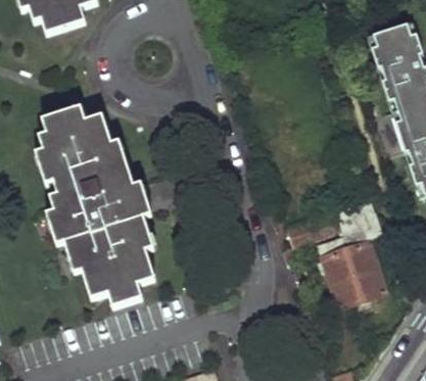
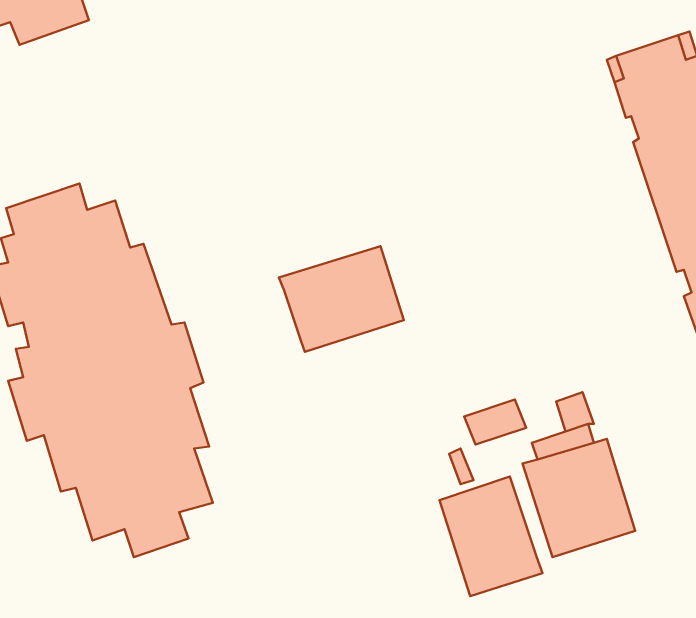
building: none -> [279,246,404,352]
building: none -> [440,477,542,596]

